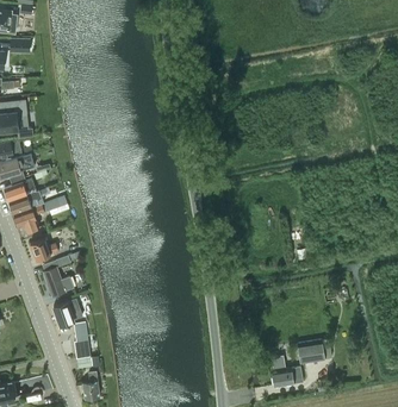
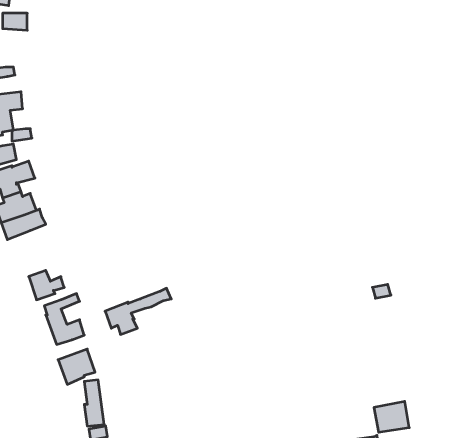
building: [13,196,64,232] -> [105,288,171,334]

